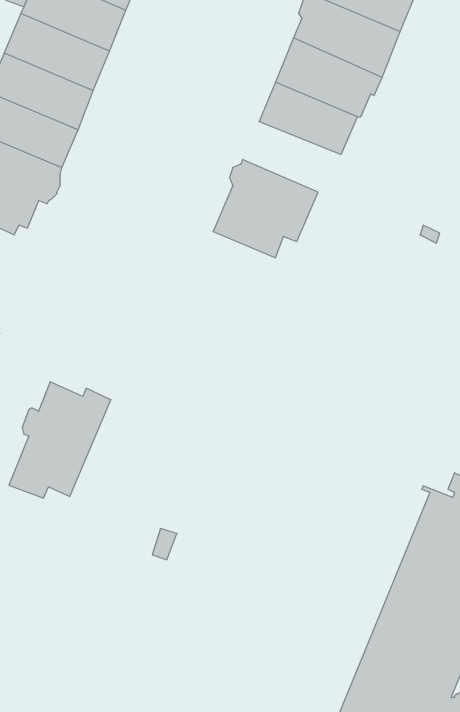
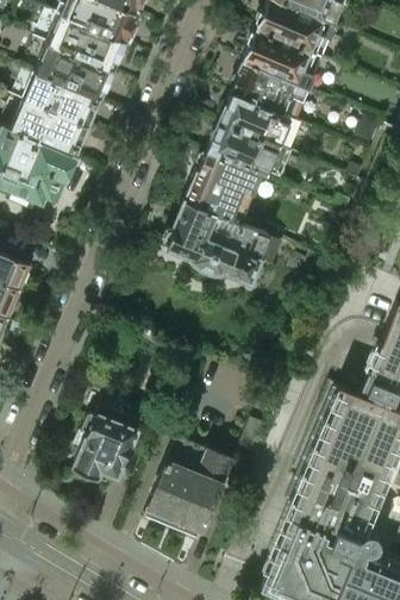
building: none -> [207,123,293,182]
building: none -> [164,202,269,283]
building: [9,382,111,498] -> [73,396,146,481]
building: none -> [151,440,233,544]

